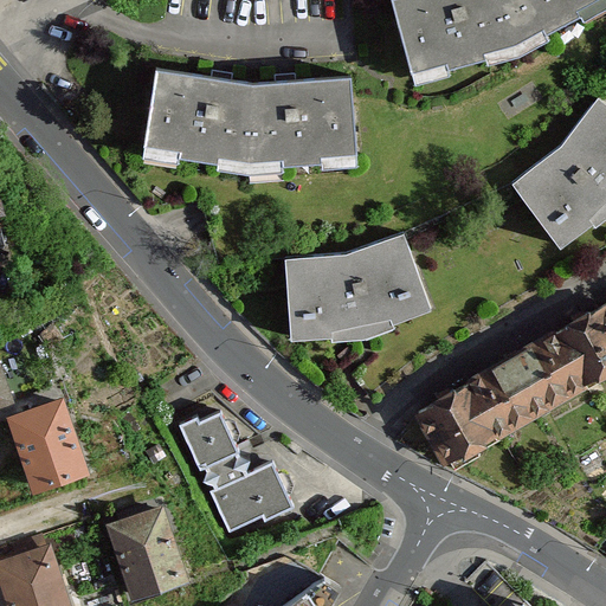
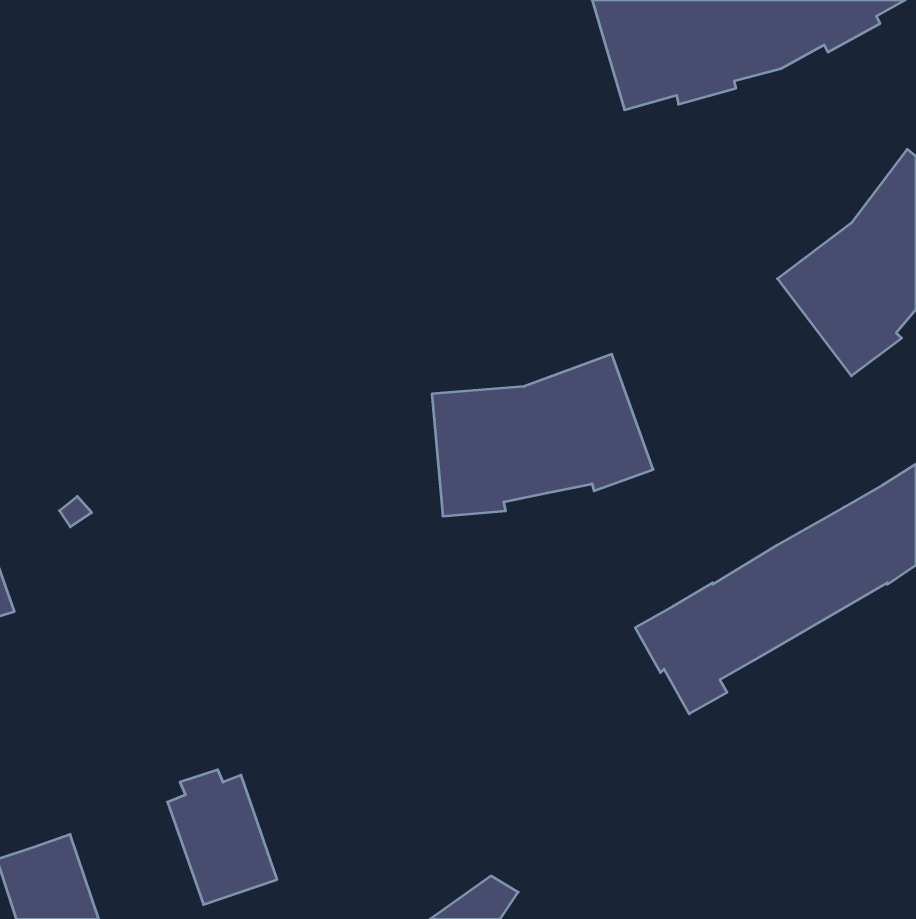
building: [143,70,356,166] -> none
building: [11,404,83,486] -> none
building: [179,411,292,530] -> none

